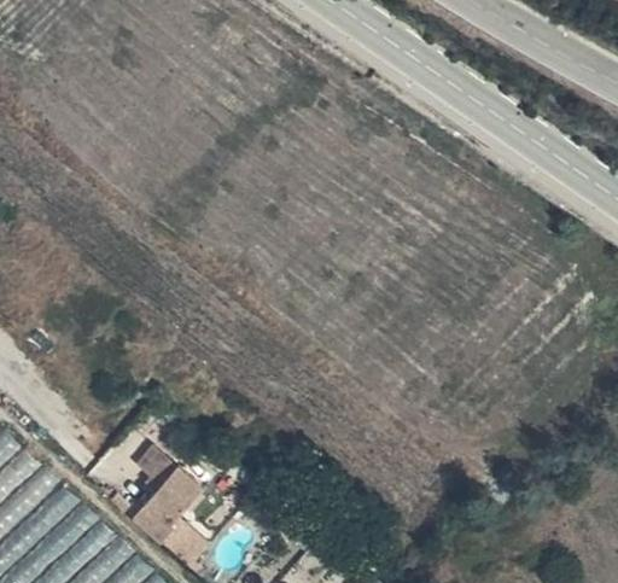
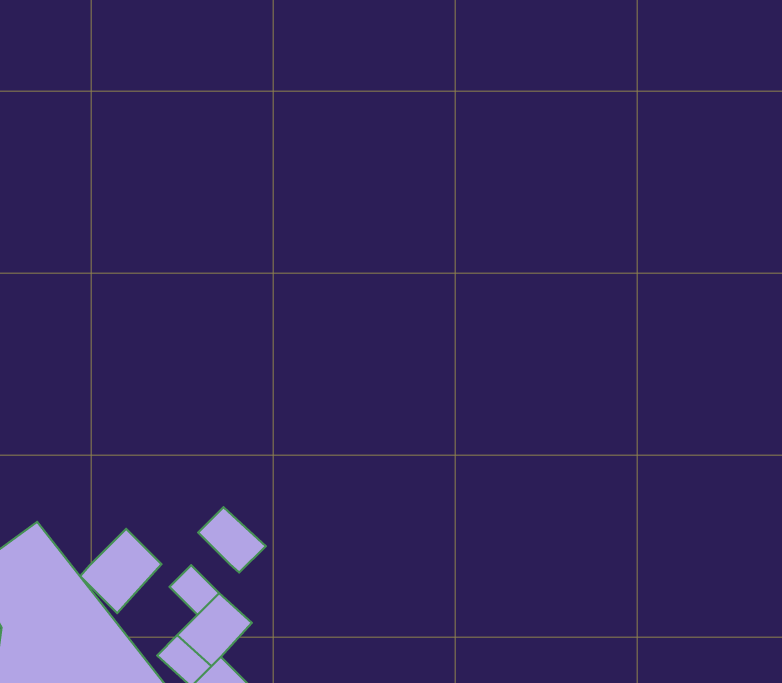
building: none -> [198,507,266,573]
building: none -> [80,529,161,613]

